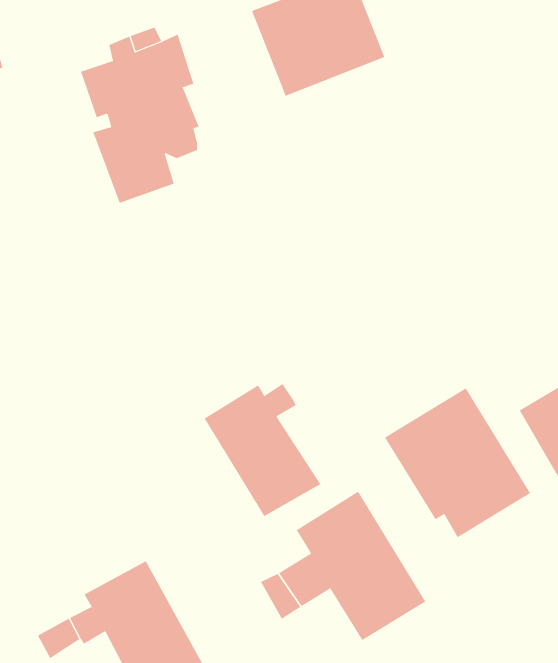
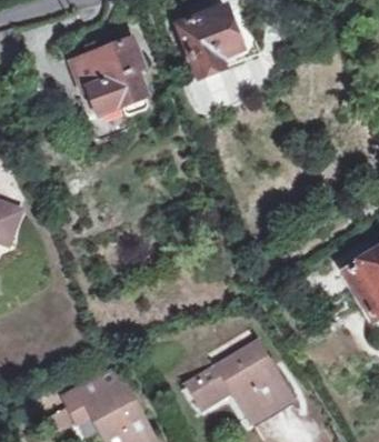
building: [204,383,321,517] -> none
building: [384,387,531,538] -> none

